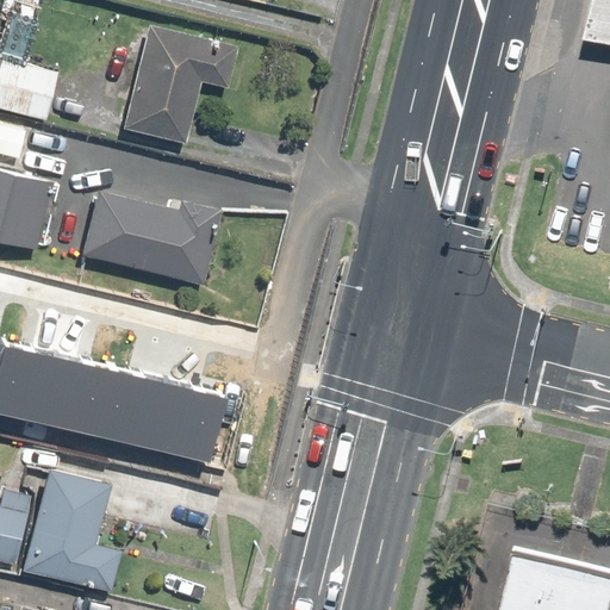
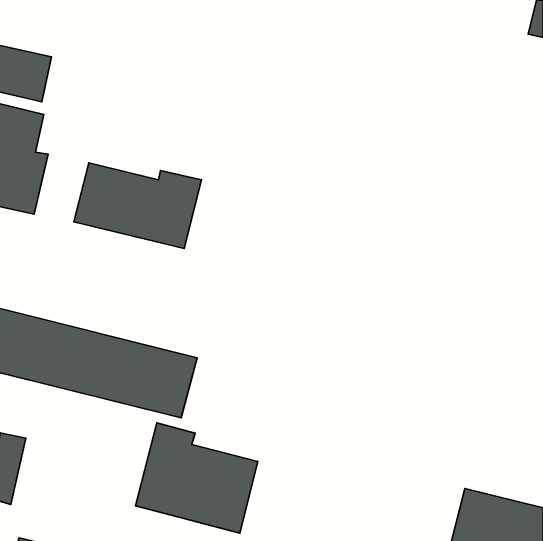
building: [122,21,237,142] -> none
building: [23,462,120,591] -> none
building: none -> [136,423,258,533]

